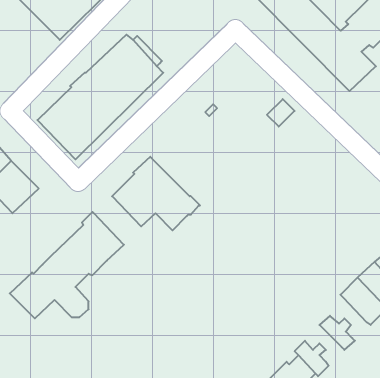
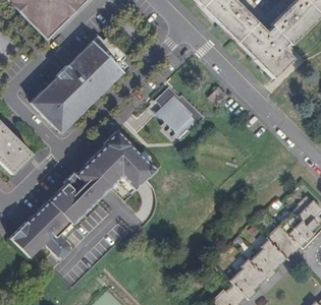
building: none -> [162,97,205,137]
building: none -> [74,161,111,198]
building: none -> [258,239,286,270]
building: none -> [238,258,267,289]

